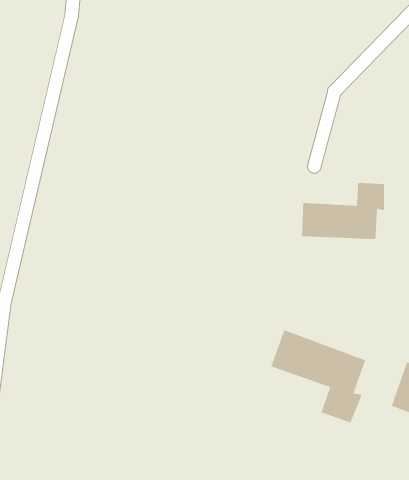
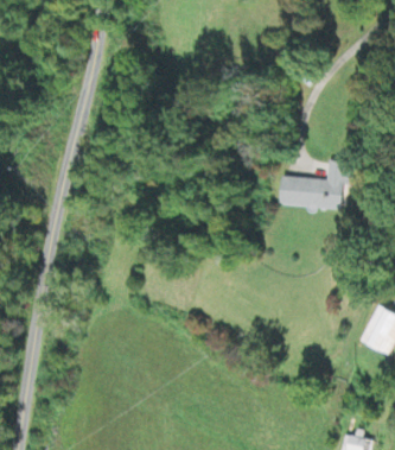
building: [270,329,366,424] -> none

